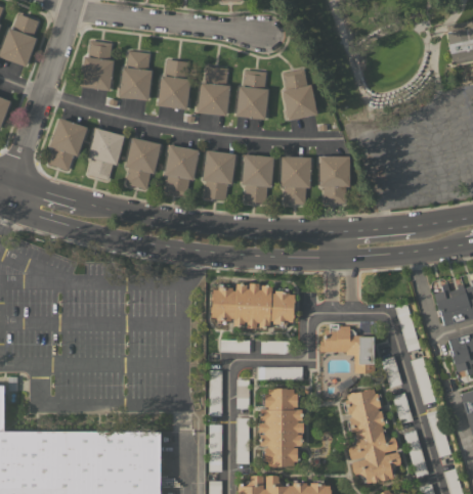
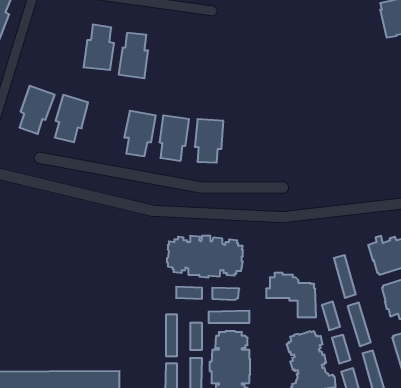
building: [81,41,114,90] -> none
building: [198,66,229,116] -> none
building: [236,70,268,120] -> none
building: [282,70,316,121] -> none
building: [125,137,161,189] -> none
building: [279,156,311,205] -> none
building: [319,156,349,204] -> none

